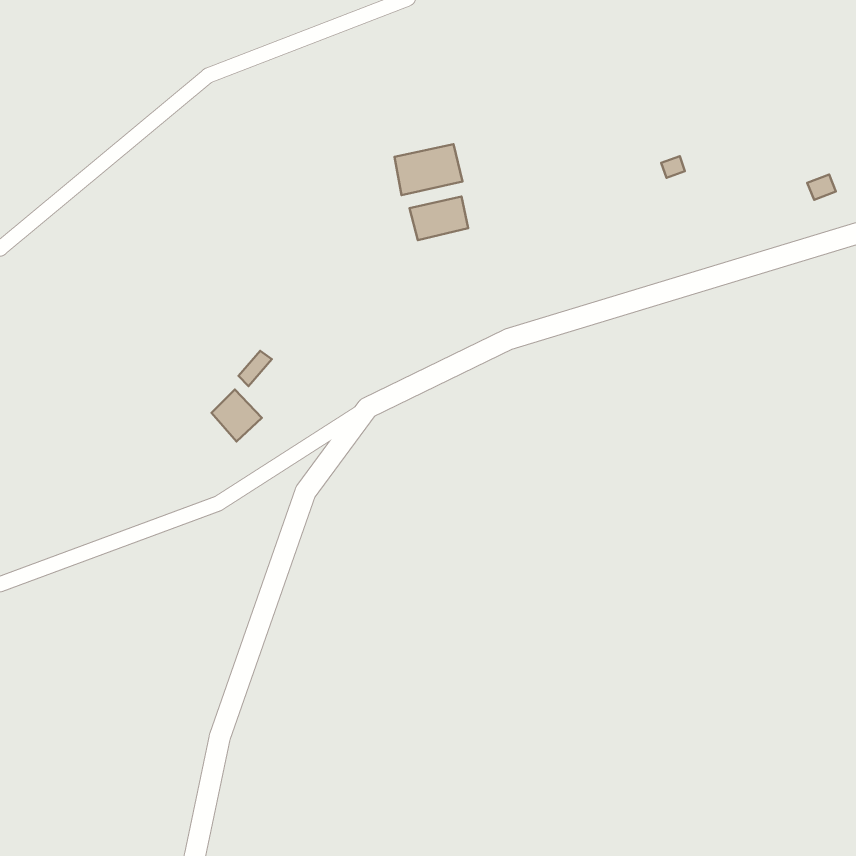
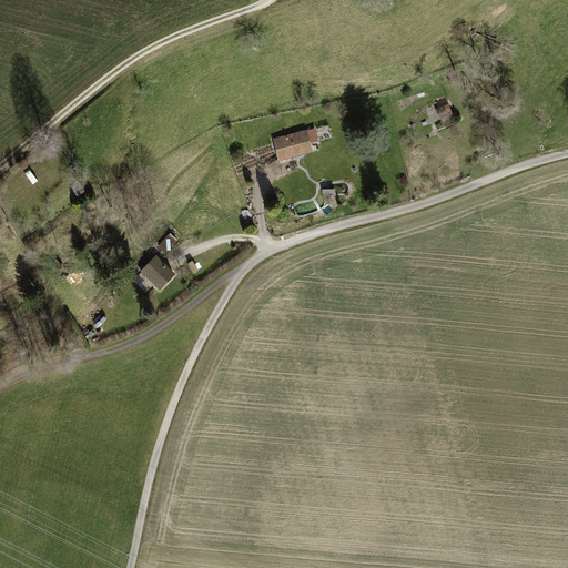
building: [394,144,462,195] -> none

